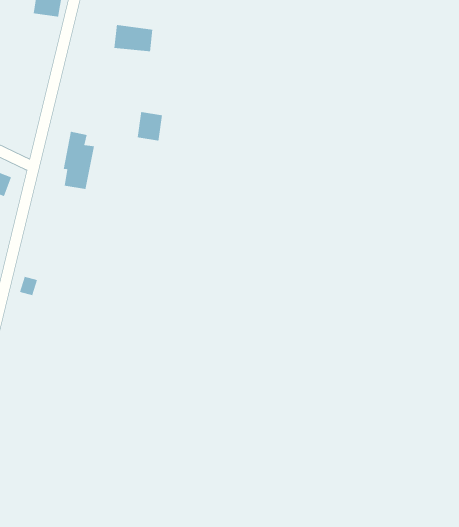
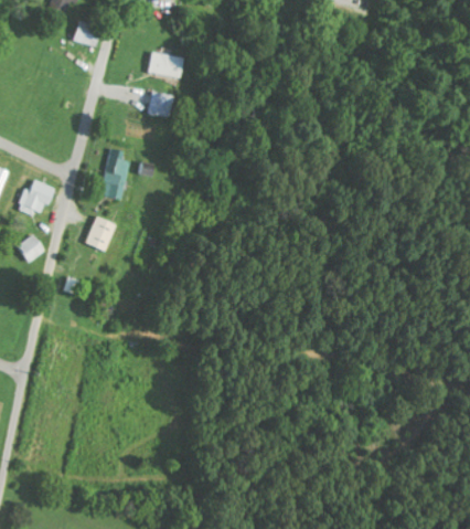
building: [137,112,163,141] -> [146,91,169,117]
building: none -> [85,215,117,251]

